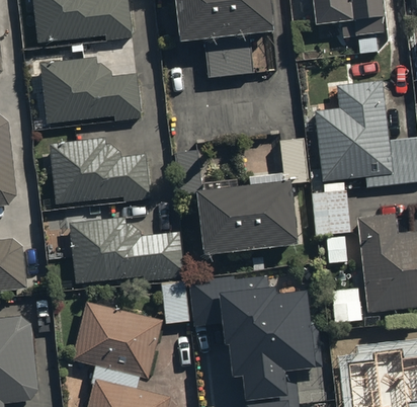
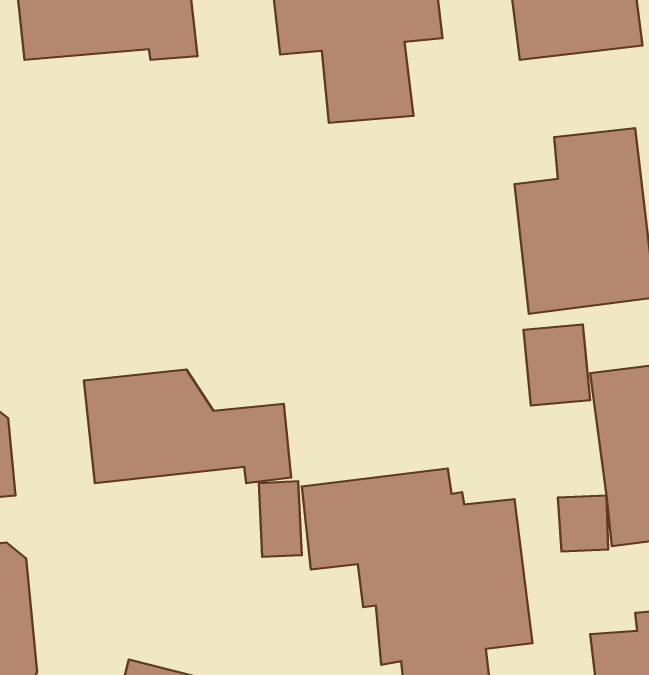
building: [39,58,142,123] -> none
building: [45,139,149,201] -> none
building: [196,177,294,250] -> none
building: [71,300,163,379] -> none

